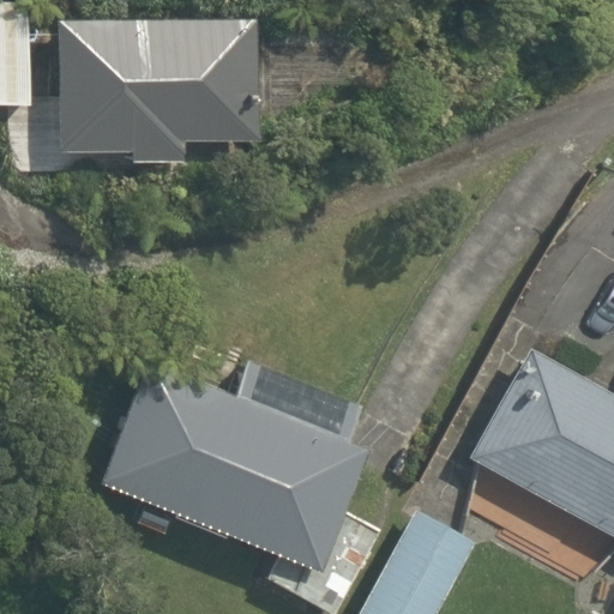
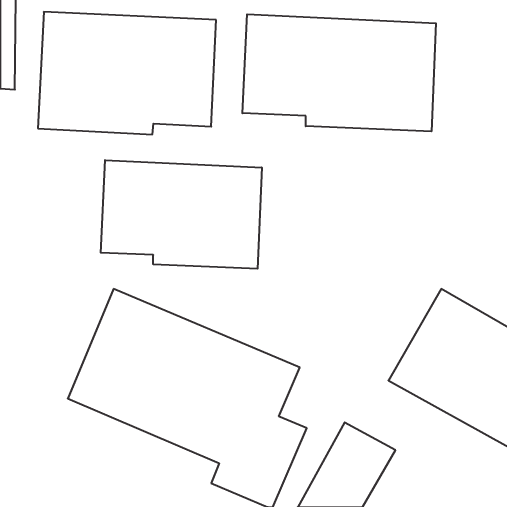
building: none -> [242,14,436,131]
building: none -> [101,160,262,269]

